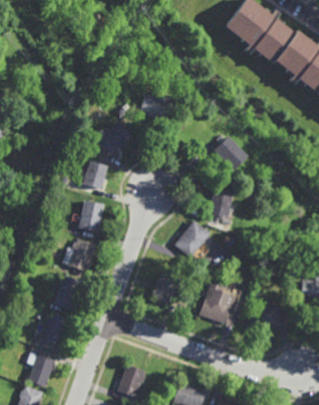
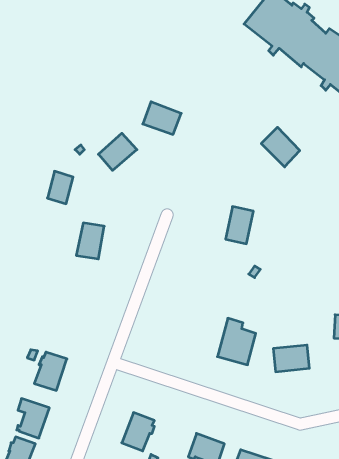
building: [212,136,245,171] -> [261,127,300,167]
building: [83,160,105,188] -> [47,171,73,204]
building: [174,218,209,256] -> none
building: [63,237,95,271] -> none
building: [151,270,181,303] -> none
building: [55,274,83,308] -> none

